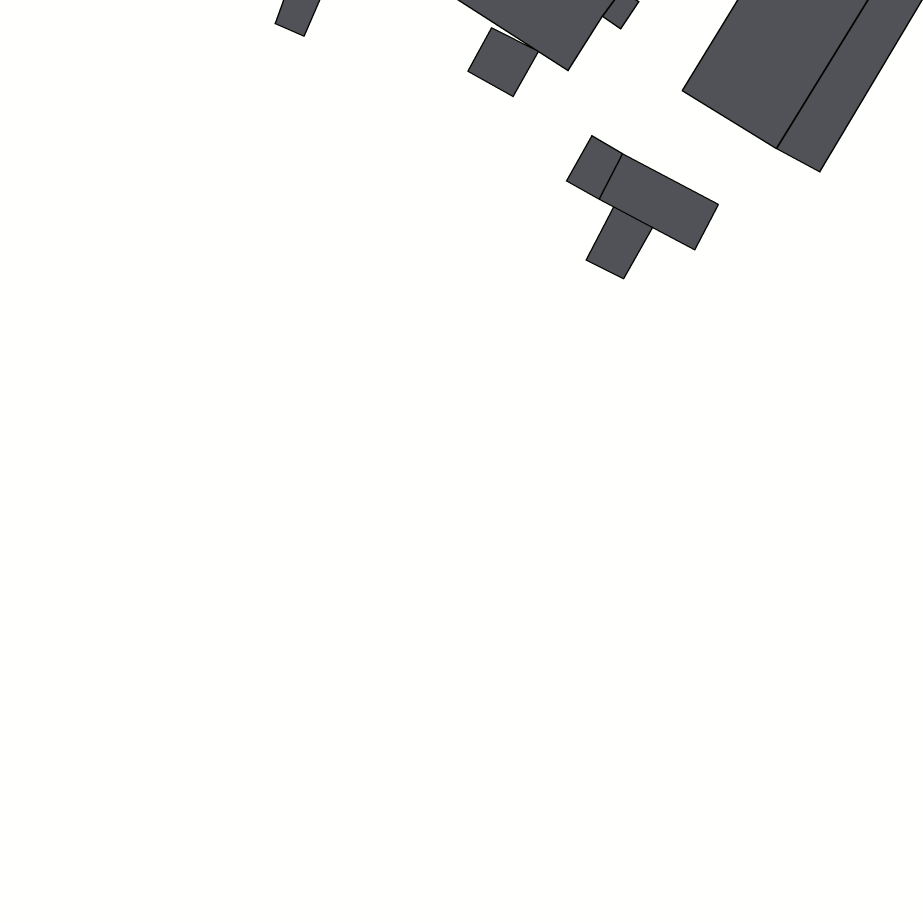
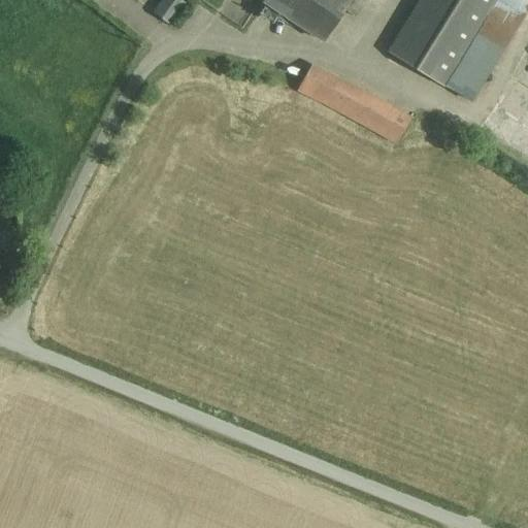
building: [468,28,538,97] -> [297,64,337,103]
building: [586,207,653,279] -> none

